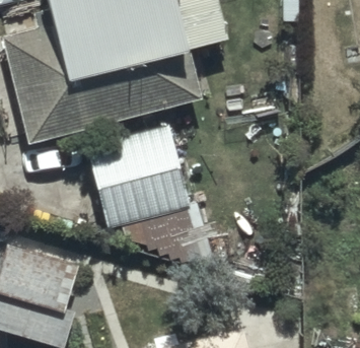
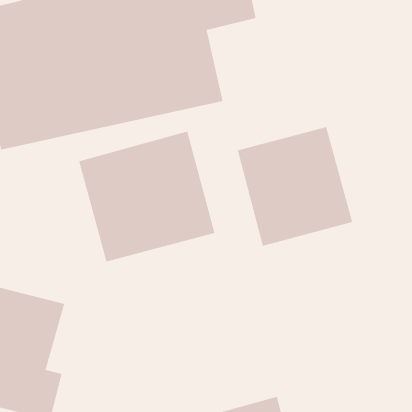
building: none -> [237,126,353,247]

